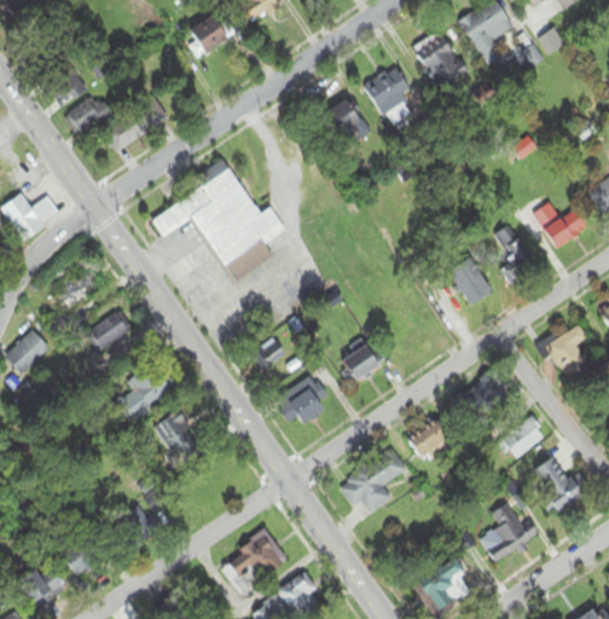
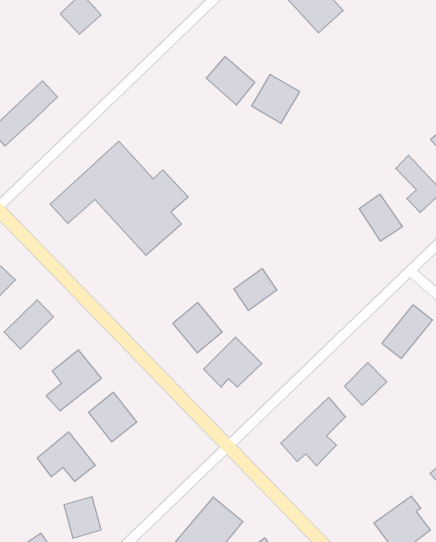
building: [362,65,412,115] -> [251,75,300,123]
building: [341,342,383,381] -> [234,269,277,310]
building: none -> [37,432,95,482]

